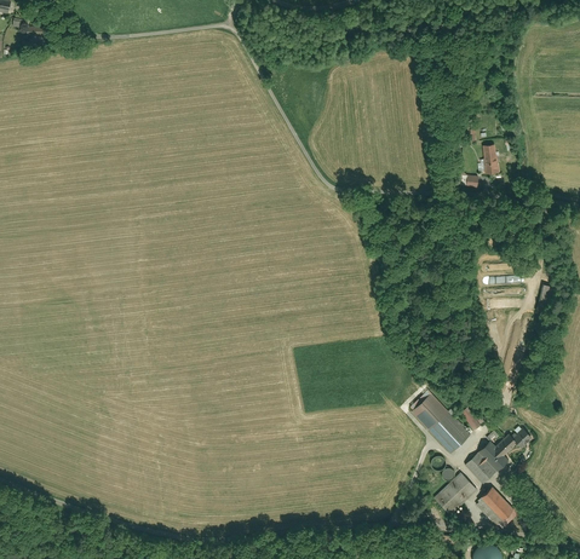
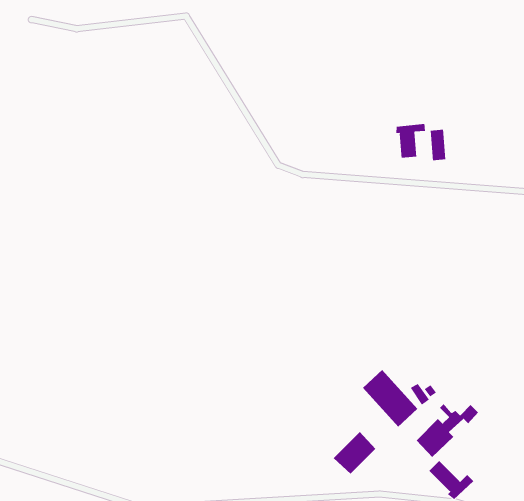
building: none -> [396,123,425,158]
building: [432,472,477,517] -> [333,431,376,474]

